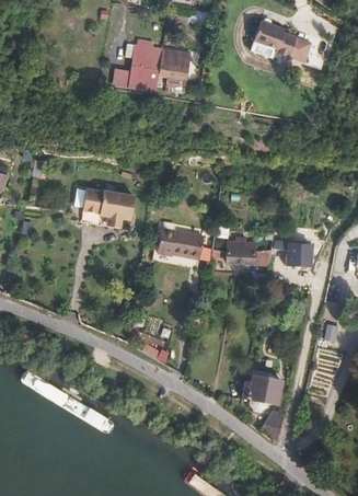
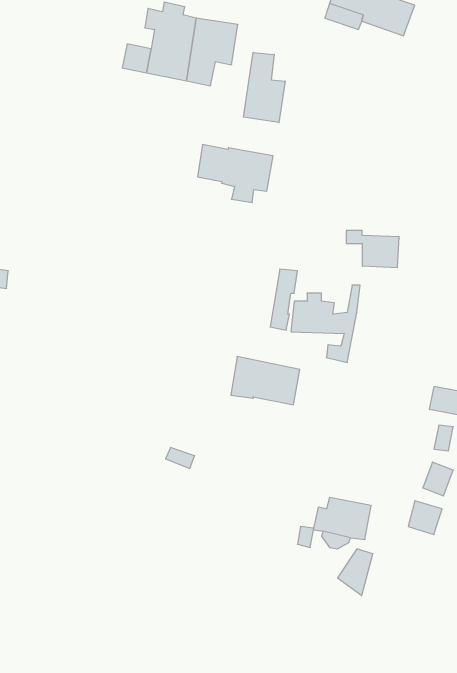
building: none -> [243,52,285,123]
building: [84,188,136,228] -> [198,145,273,203]
building: [157,226,204,258] -> [231,356,300,405]
building: [275,240,311,265] -> [346,231,399,268]

